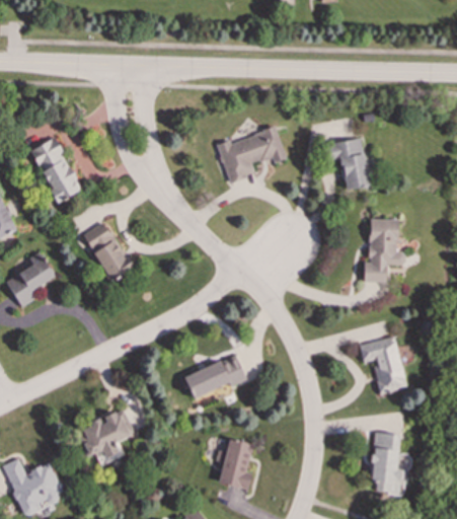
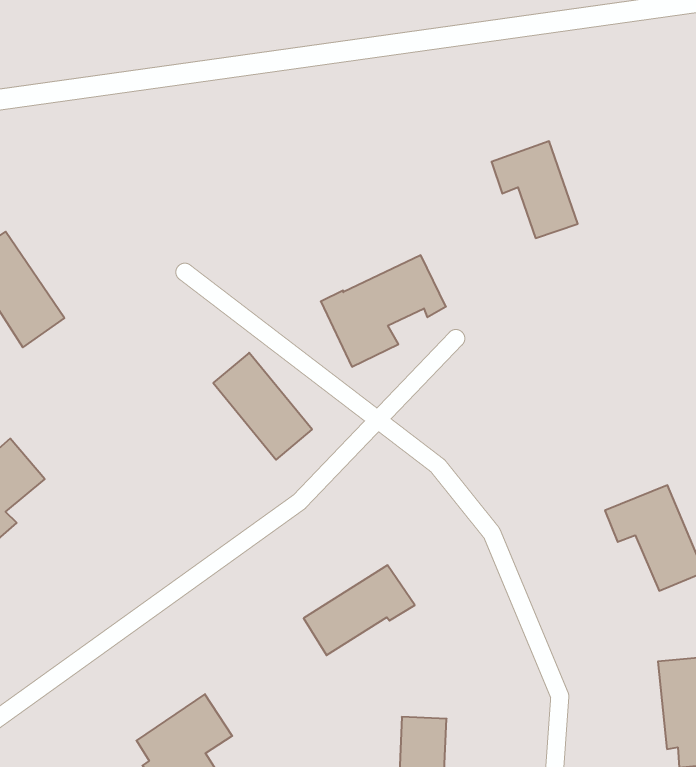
building: [217,128,285,182] -> [321,255,446,367]
building: [363,219,403,282] -> none
building: [83,221,133,282] -> [213,353,312,460]

